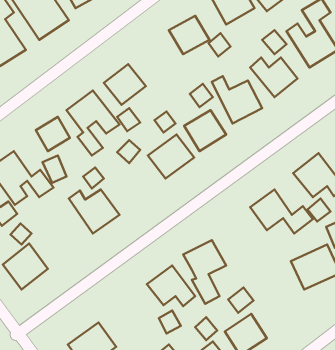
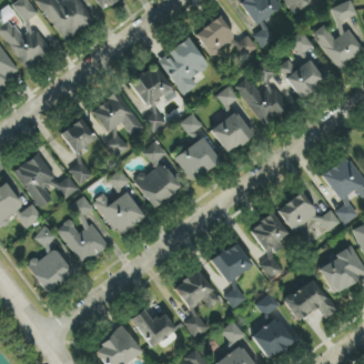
building: none -> [158,38,209,94]
building: none -> [135,163,181,208]
building: none -> [57,196,108,264]
building: none -> [250,212,287,280]
building: none -> [283,279,337,321]
building: none -> [131,309,176,347]

